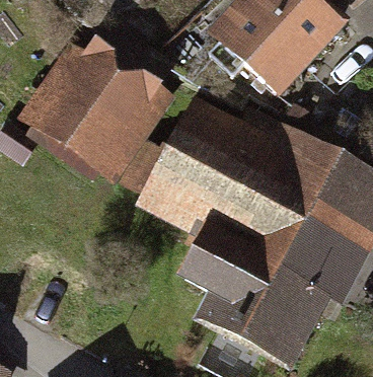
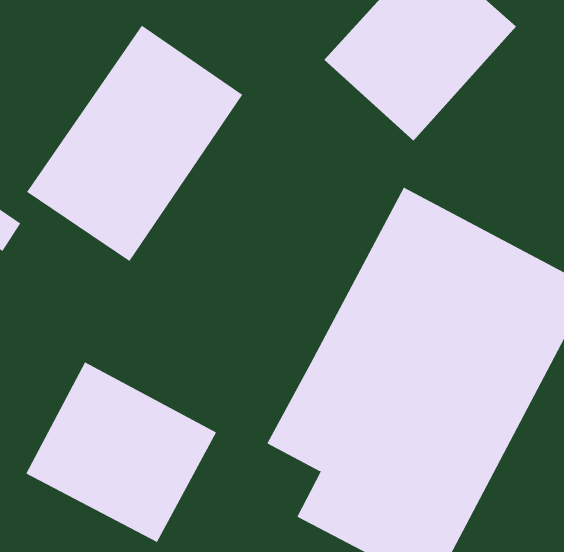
building: [126,106,272,230] -> none
building: none -> [25,362,217,543]

